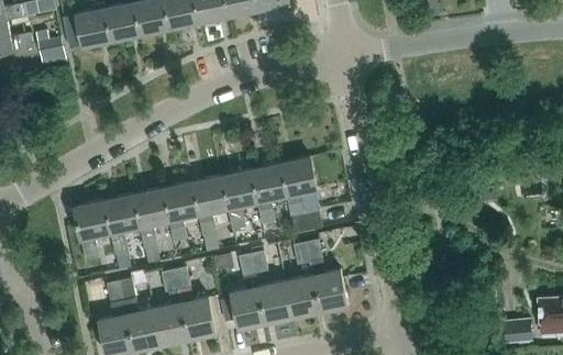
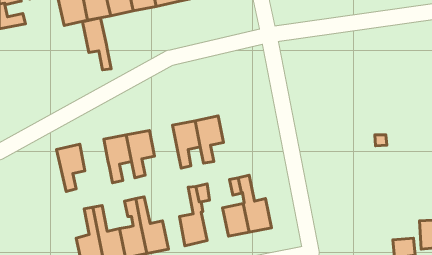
building: [35,31,66,66] -> none
building: none -> [82,18,111,70]
building: [279,158,322,234] -> none
building: [191,176,228,236] -> none
building: [102,193,140,254] -> none
building: [257,281,292,323] -> none

